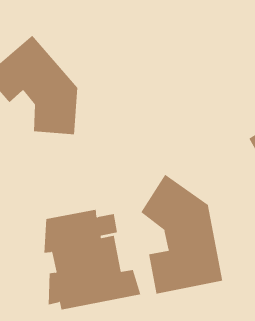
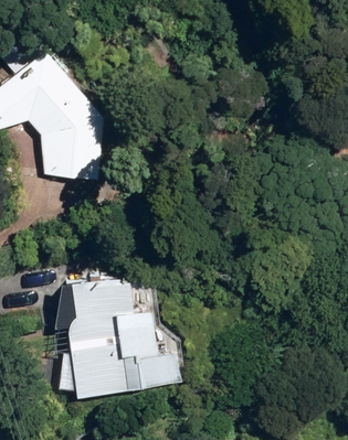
building: [140,174,223,294] -> none

